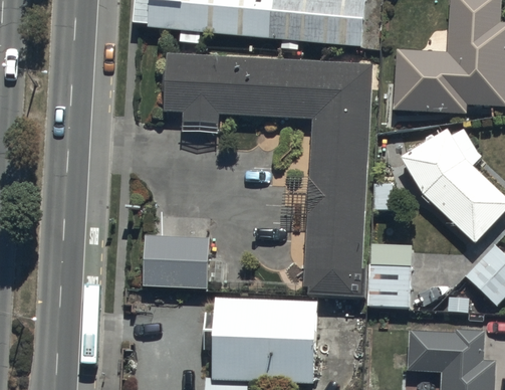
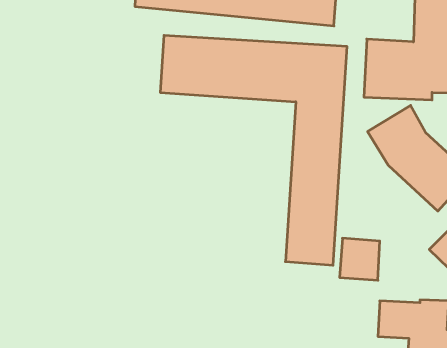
building: [144,234,209,286] -> none
building: [206,296,321,382] -> none

